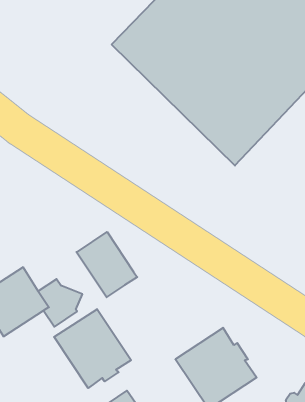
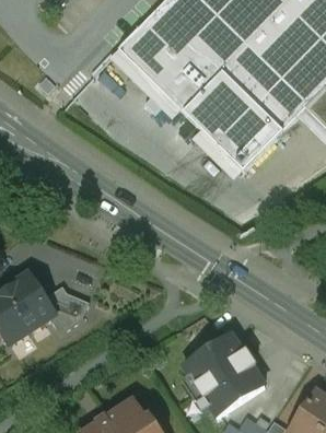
building: [76,232,137,297] -> none
building: [54,309,131,388] -> none

